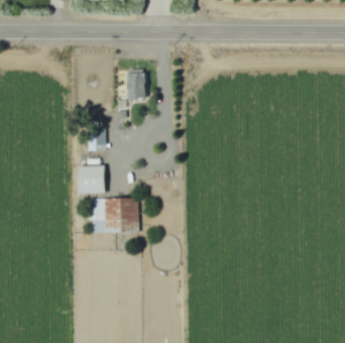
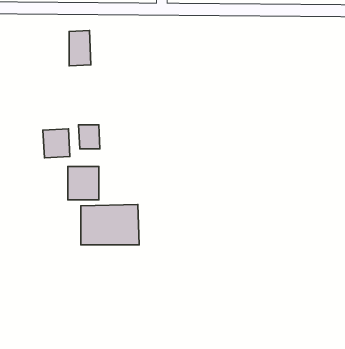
building: [127,68,145,98] -> [69,30,91,66]
building: none -> [43,129,70,158]

